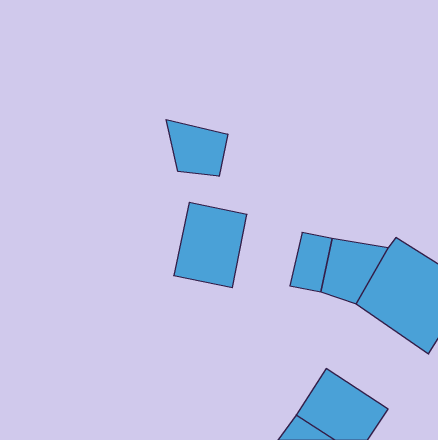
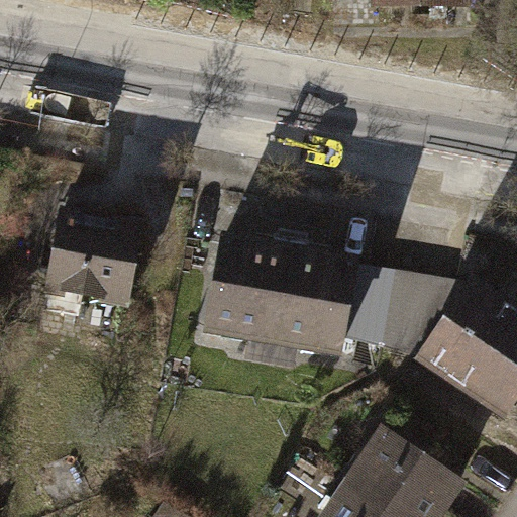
building: [166,120,228,176] -> none
building: none -> [40,202,130,314]
building: none -> [275,251,357,350]

